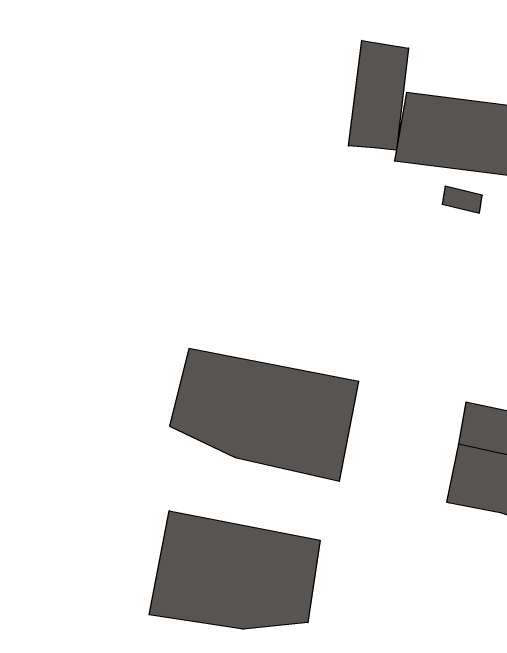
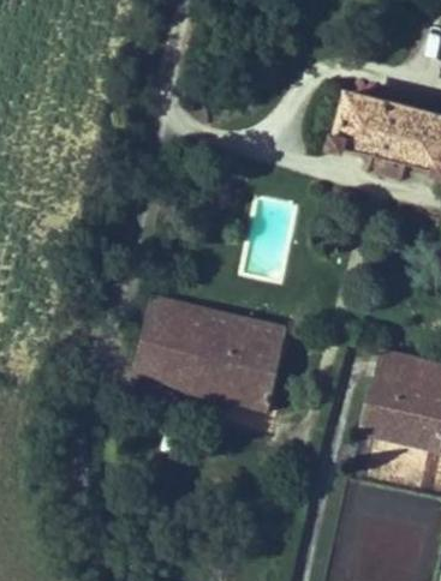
building: [348,40,409,150] -> none
building: [149,511,320,629] -> none

